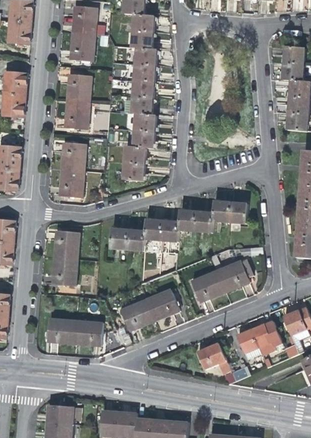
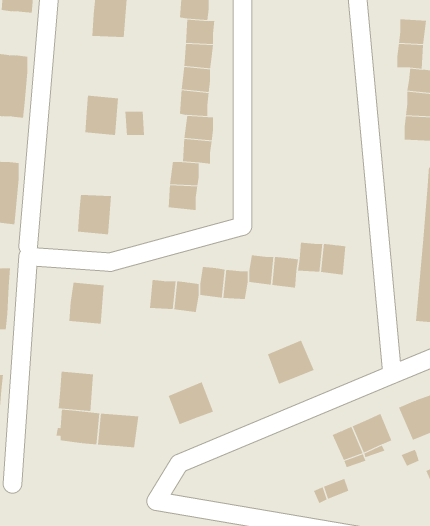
building: [67,74,91,102] -> none
building: [62,142,86,170] -> none
building: [52,257,77,285] -> [58,371,94,412]
building: [216,258,252,291] -> none
building: [147,289,180,320] -> none
building: [198,343,228,369] -> none

